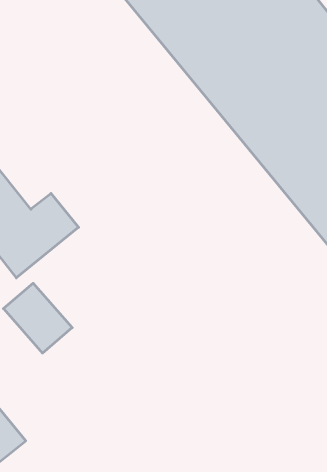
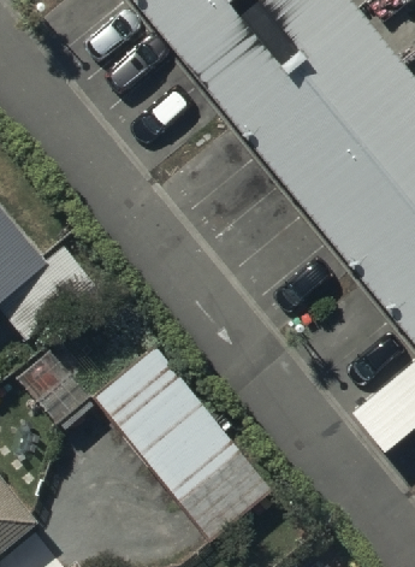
building: none -> [96,347,274,543]

